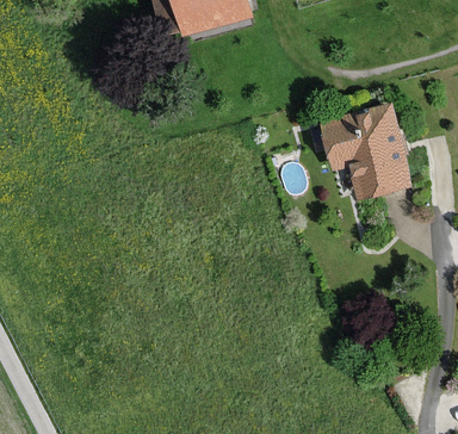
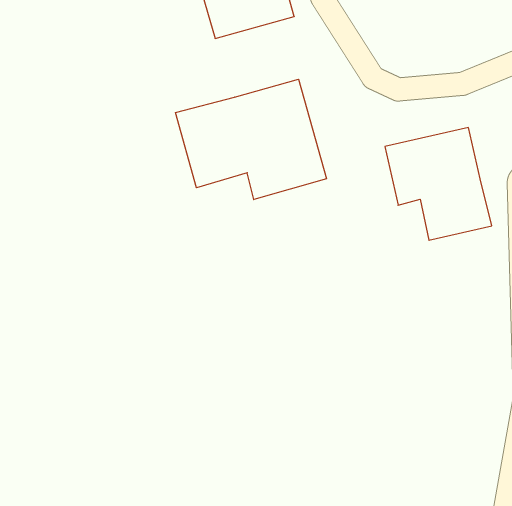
building: none -> [176,79,327,200]

